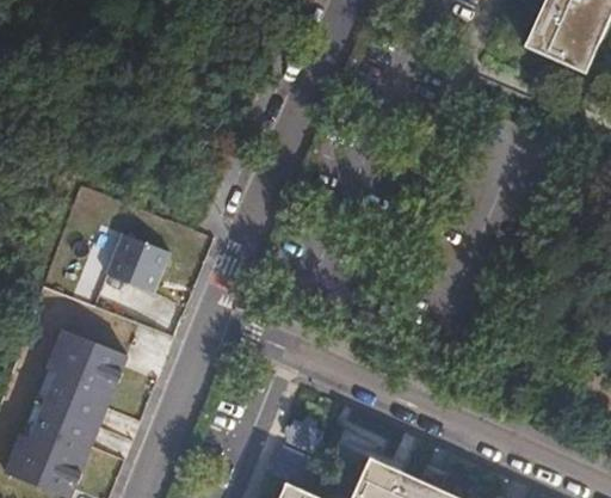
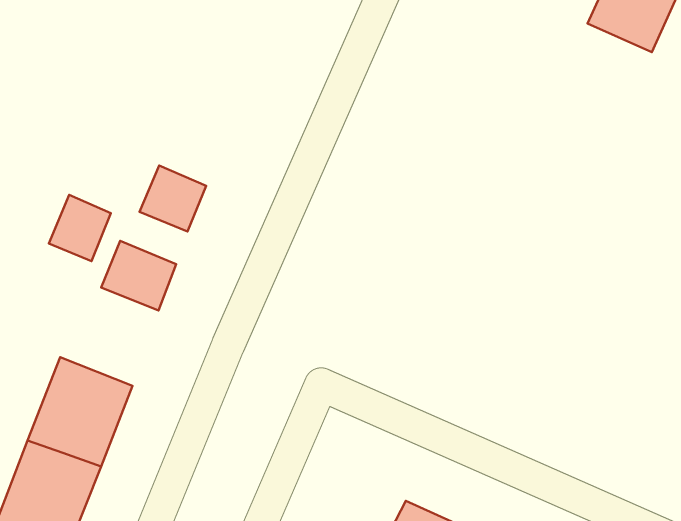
building: none -> [140,165,206,232]
building: none -> [49,195,111,261]

